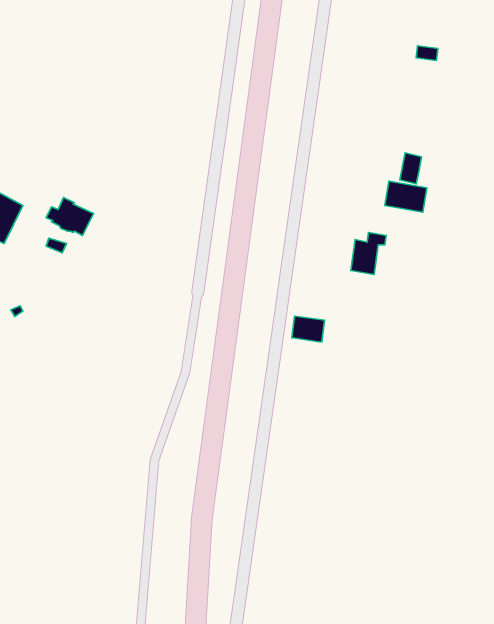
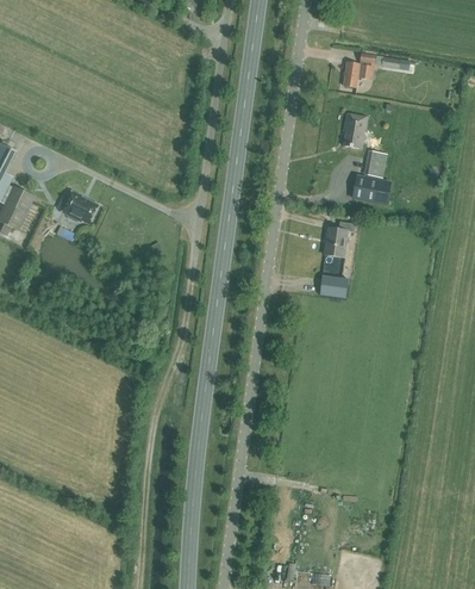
building: none -> [343,52,375,87]
building: none -> [343,113,367,148]
building: [292,316,324,342] -> [319,274,348,297]

